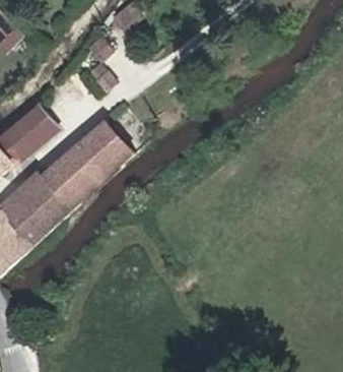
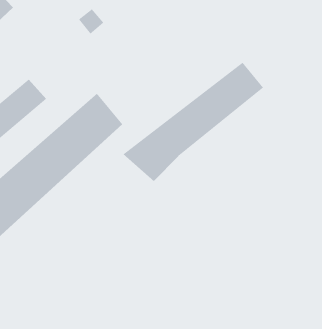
building: none -> [122,62,264,182]

